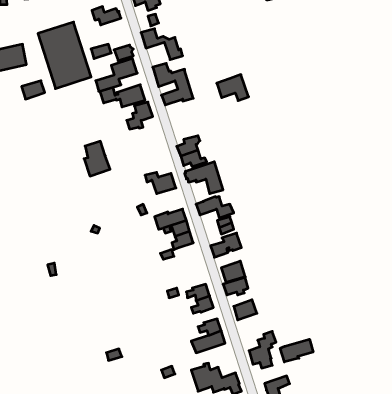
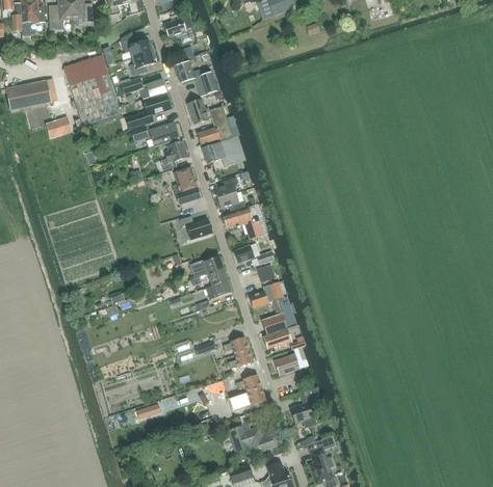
building: none -> [129,50,156,76]
building: [217,75,249,101] -> [202,138,236,166]
building: [84,141,110,176] -> [173,166,201,204]
building: [280,339,313,362] -> none

